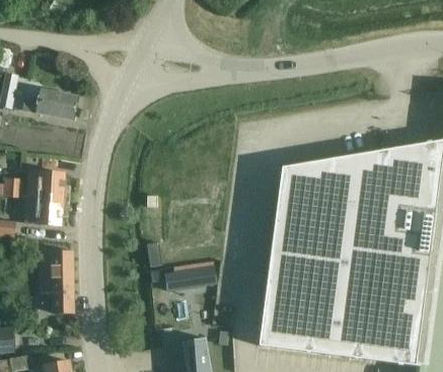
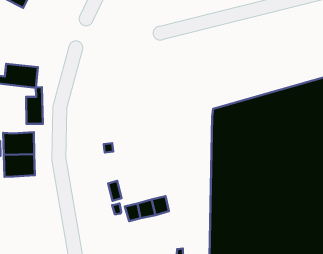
building: none -> [26,87,43,124]
building: [41,248,74,311] -> none

